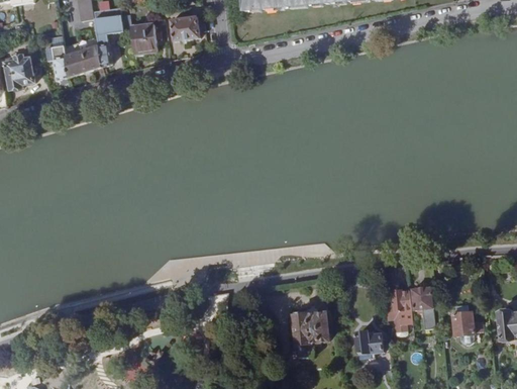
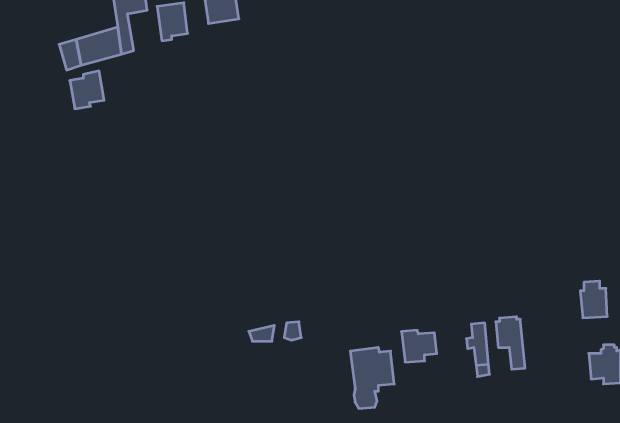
building: [6,58,34,89] -> [70,71,104,109]
building: [451,304,474,334] -> [580,281,607,318]
building: [354,330,384,357] -> [401,330,437,362]

